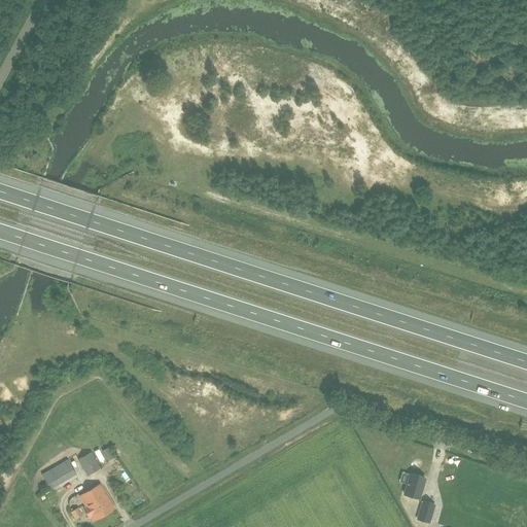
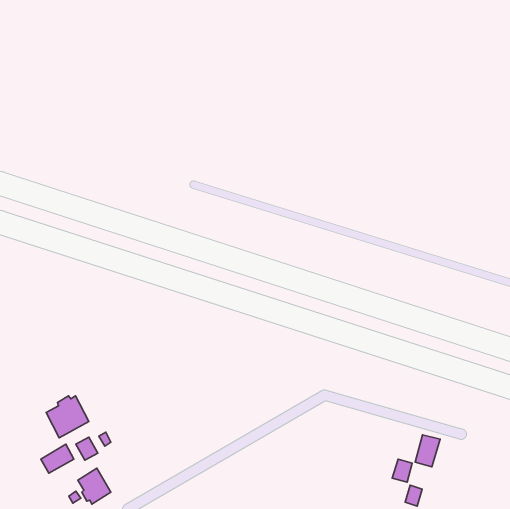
building: none -> [46,396,89,438]
building: none -> [415,435,440,467]

